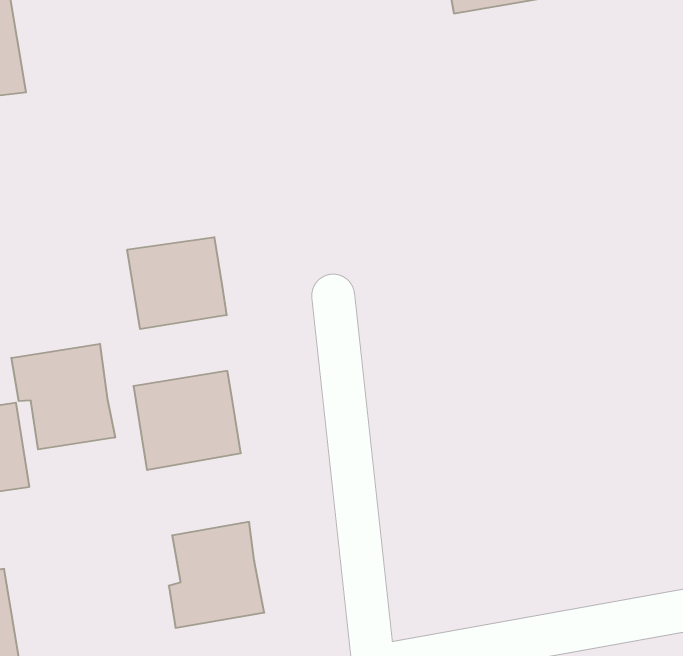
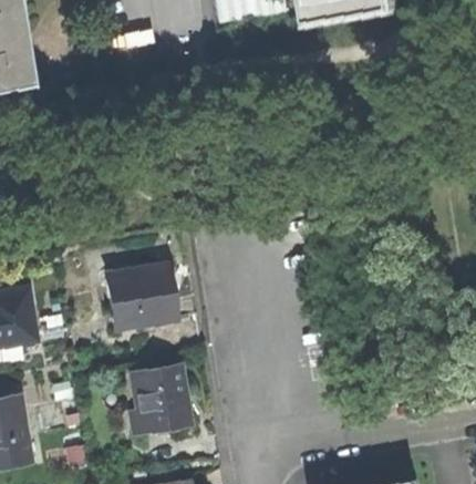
building: [127,237,227,329] -> none
building: [11,344,115,449] -> none

